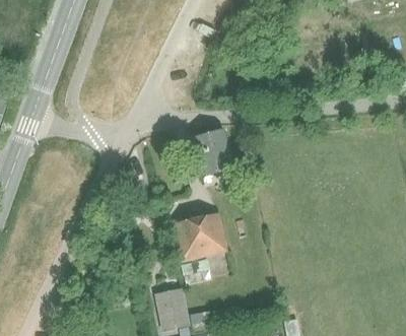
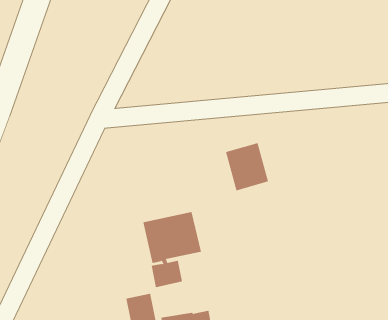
building: [191,129,232,176] -> [225,142,269,191]

